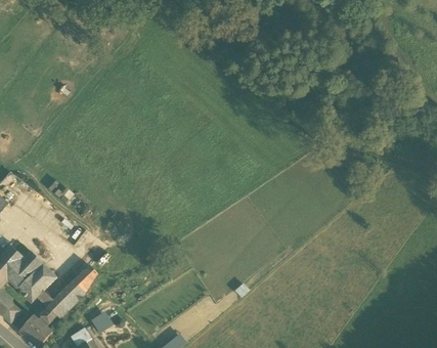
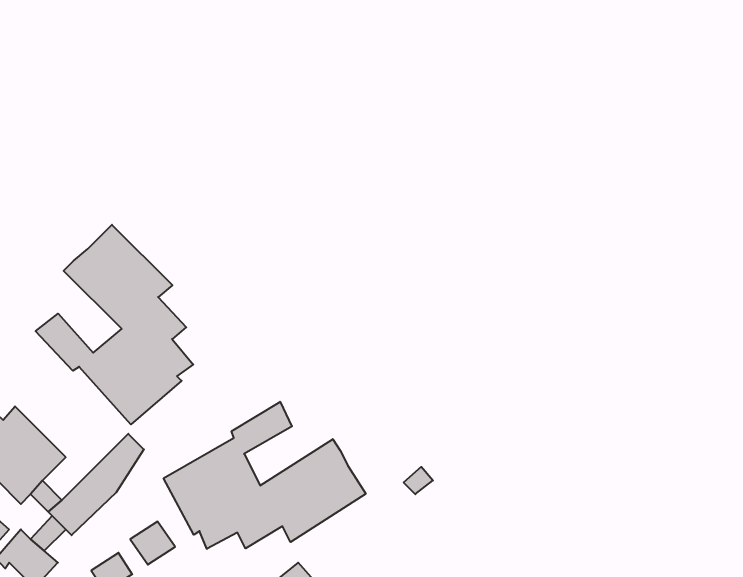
building: none -> [36,225,193,424]
building: none -> [164,402,366,549]

